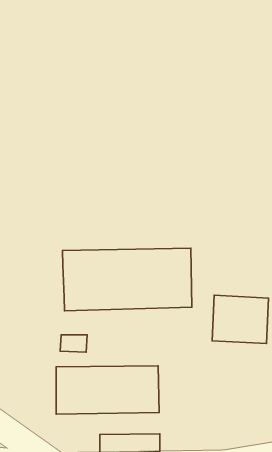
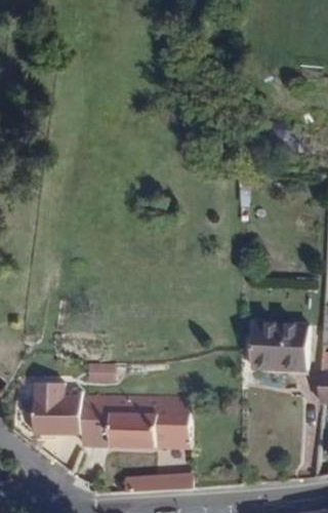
building: [62,248,192,311] -> none
building: none -> [34,378,84,435]

